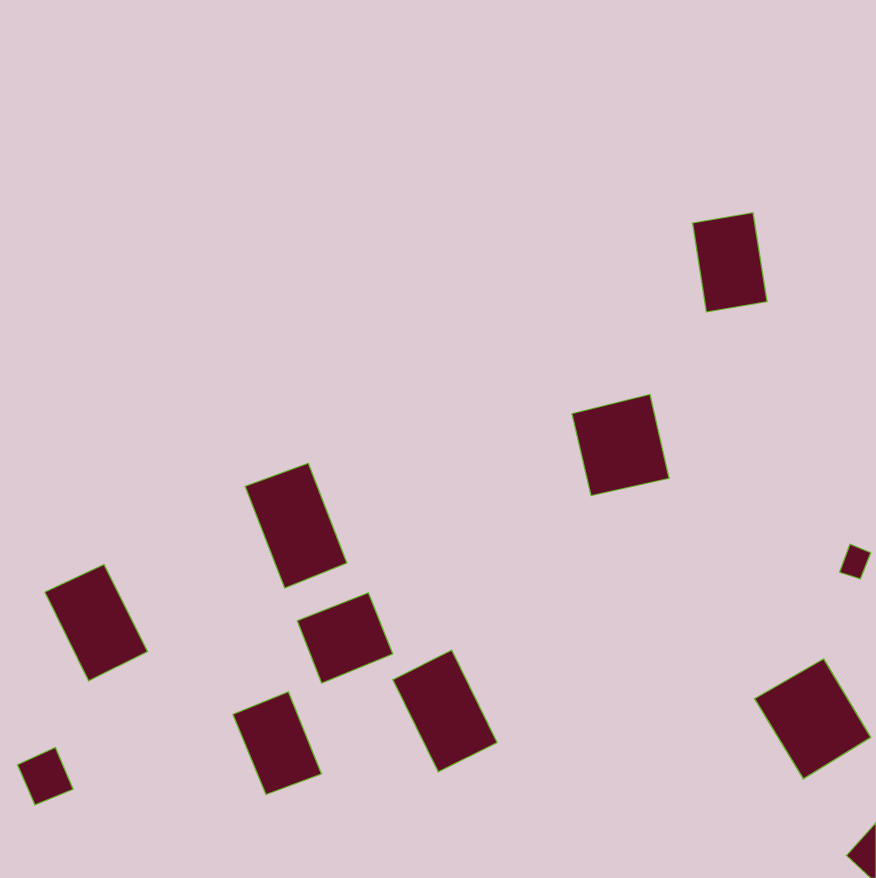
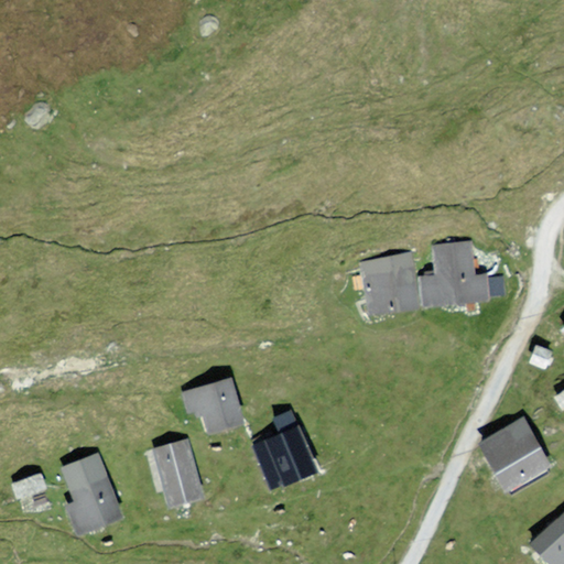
building: [692,213,767,312] -> [433,240,480,303]
building: [245,463,347,588] -> none
building: [45,564,148,681] -> [58,455,123,529]

